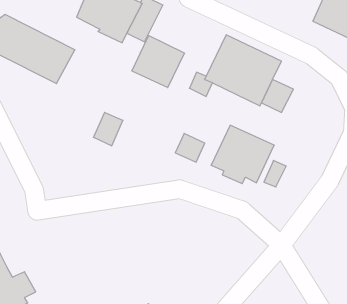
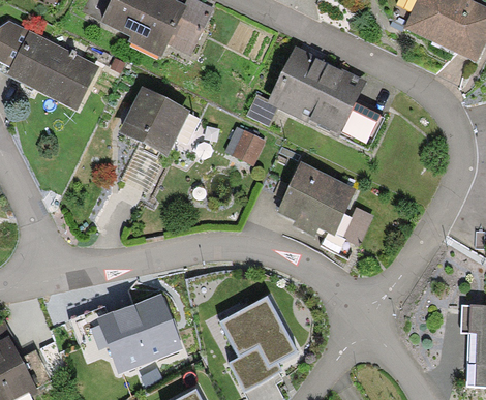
building: [132,36,185,88] -> [120,88,188,155]
building: [175,133,205,162] -> [227,127,266,164]
building: none -> [68,294,183,373]
building: none -> [224,300,296,387]

